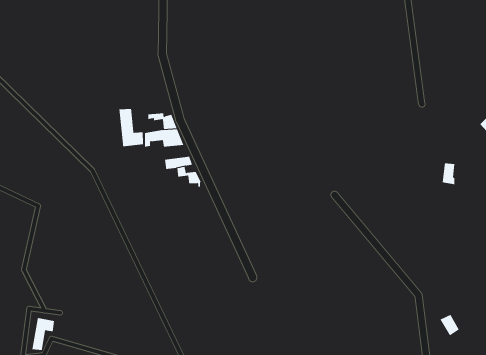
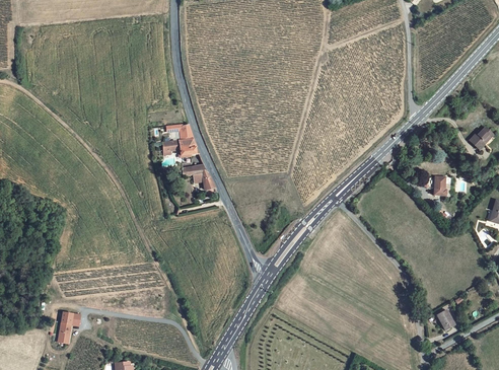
building: [119,108,143,147] -> none

